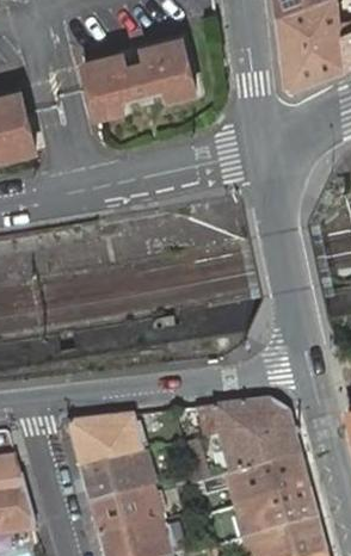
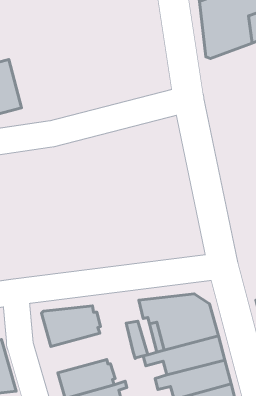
building: [84,36,204,128] -> none
building: [80,450,155,502] -> none

